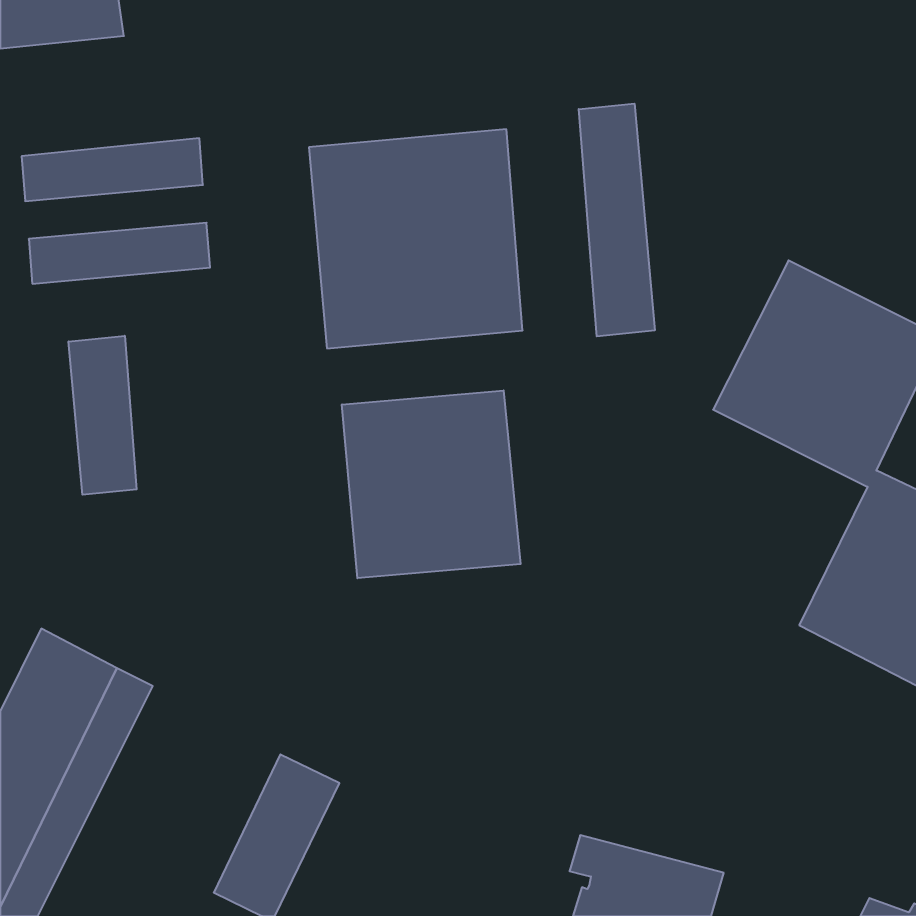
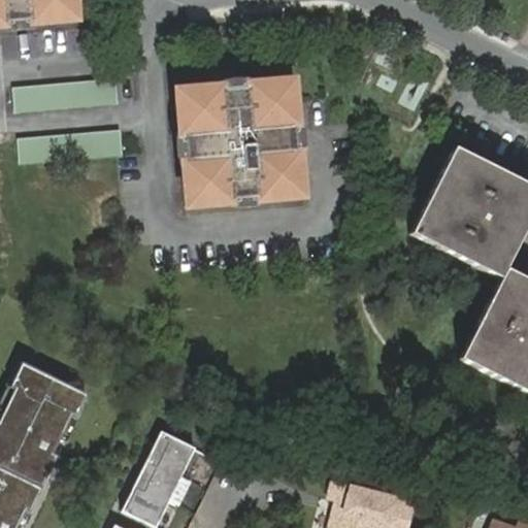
building: [579,104,655,336] -> none
building: [69,336,137,495] -> none
building: [342,390,521,578] -> none

